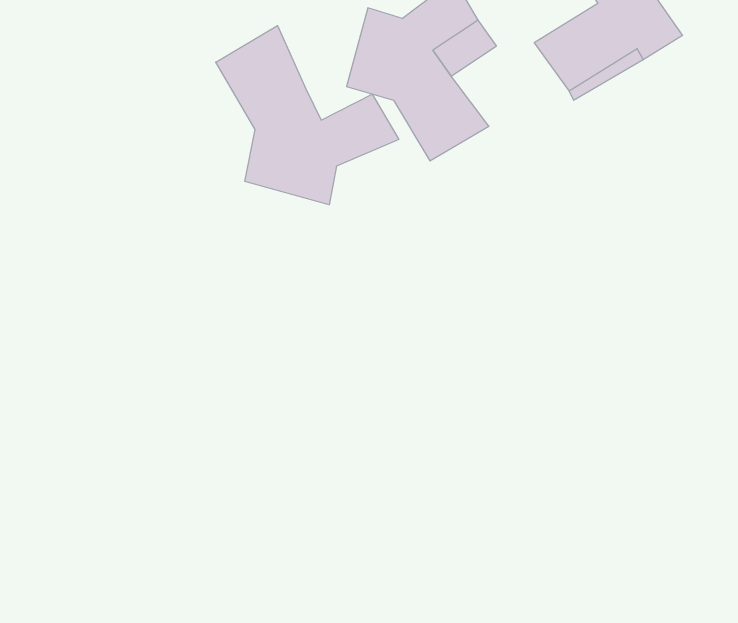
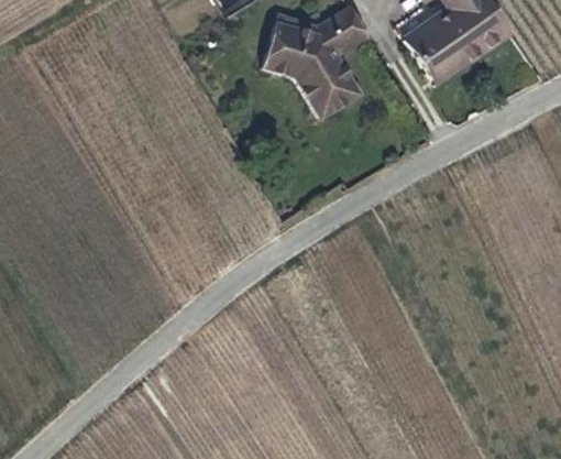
building: [216,26,399,205] -> none

